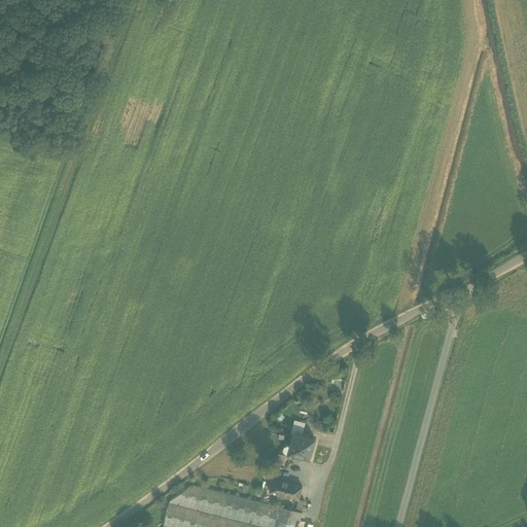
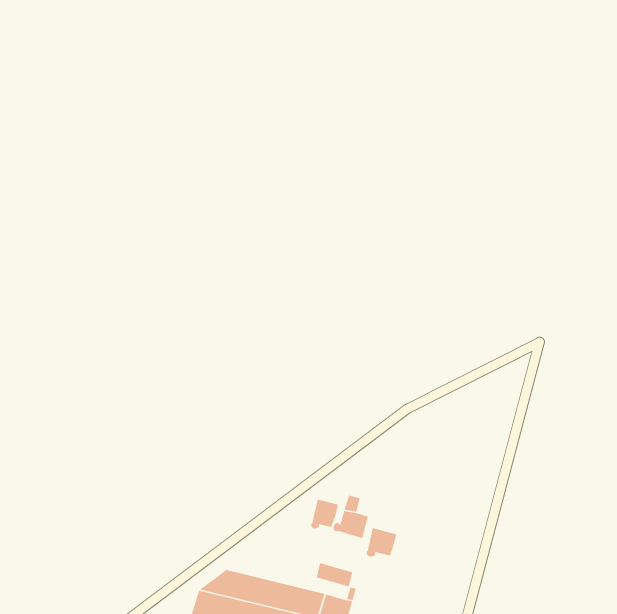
building: none -> [310,499,339,530]
building: none -> [365,527,397,557]

